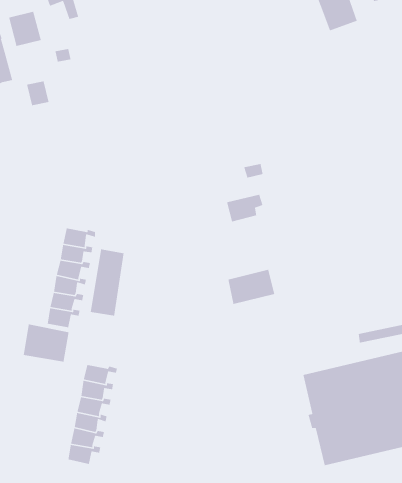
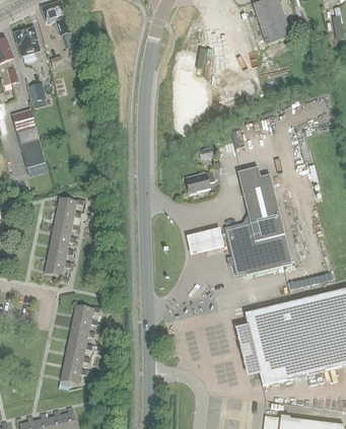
building: none -> [12,109,46,167]
building: none -> [224,165,292,274]
building: [90,249,125,316] -> none
building: [23,324,70,363] -> none

